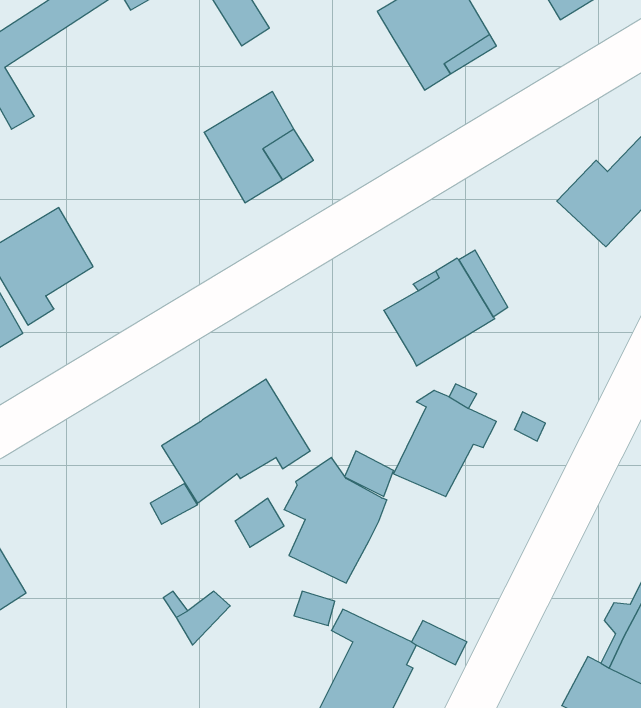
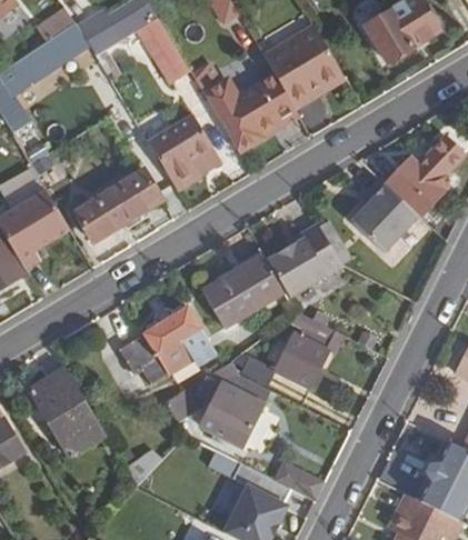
building: none -> [193,66,295,150]
building: none -> [73,168,161,241]
building: none -> [351,178,418,251]
building: none -> [202,253,287,329]
building: none -> [29,368,106,454]

